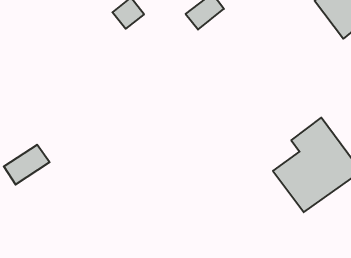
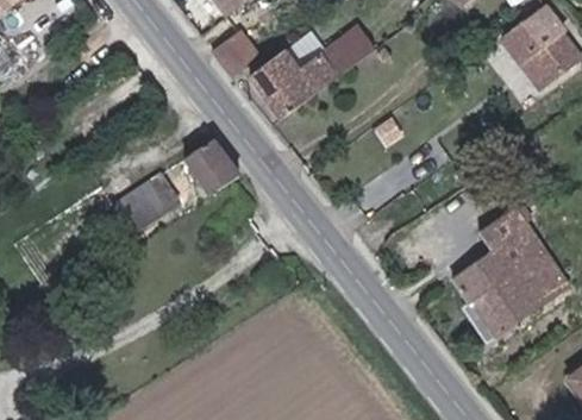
building: none -> [248,51,336,120]
building: none -> [183,142,238,196]
building: [4,145,50,185] -> [113,177,179,234]

